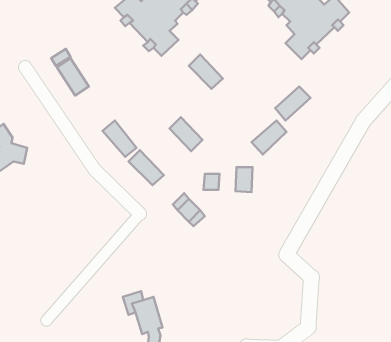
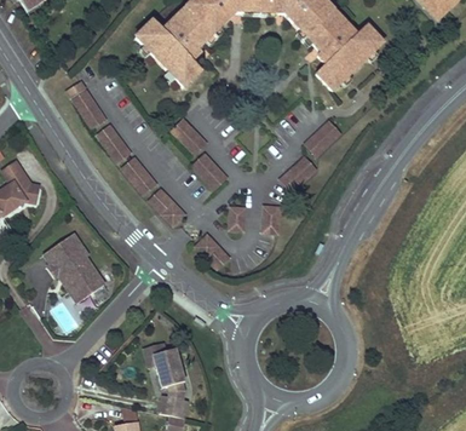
building: [189,55,223,89] -> [171,117,207,154]
building: none -> [96,125,131,163]
building: none -> [42,232,103,301]

